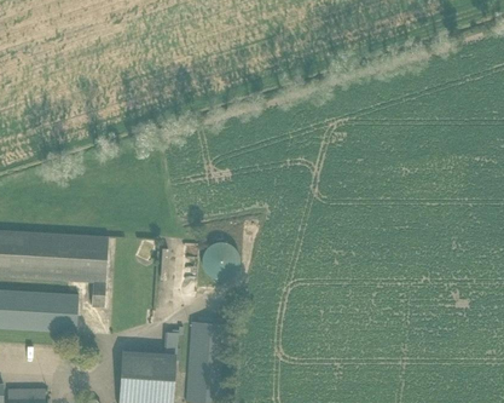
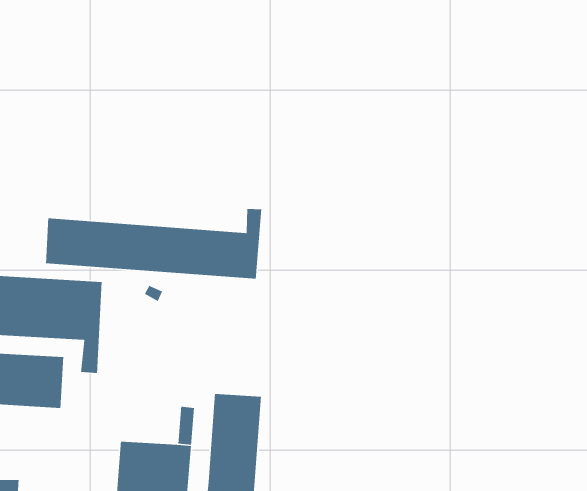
building: none -> [45,208,262,280]
building: [202,242,237,277] -> none

